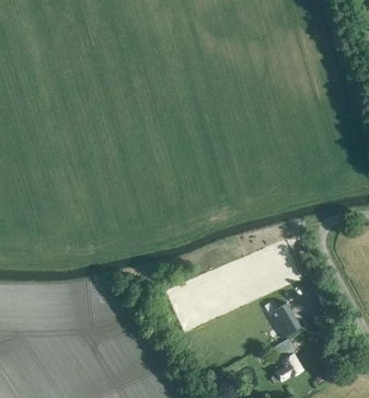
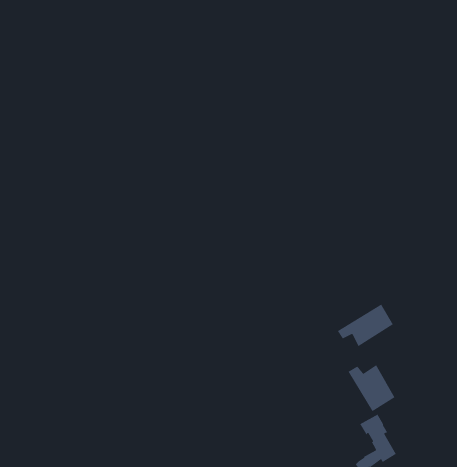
building: none -> [337,304,394,347]

